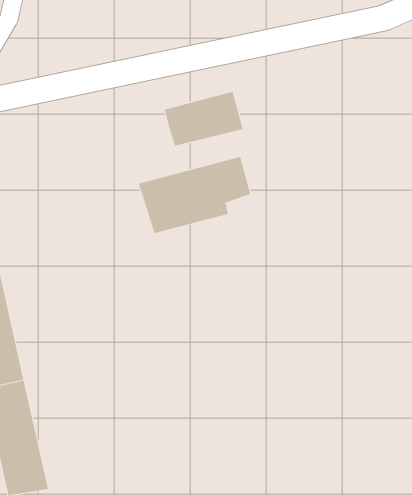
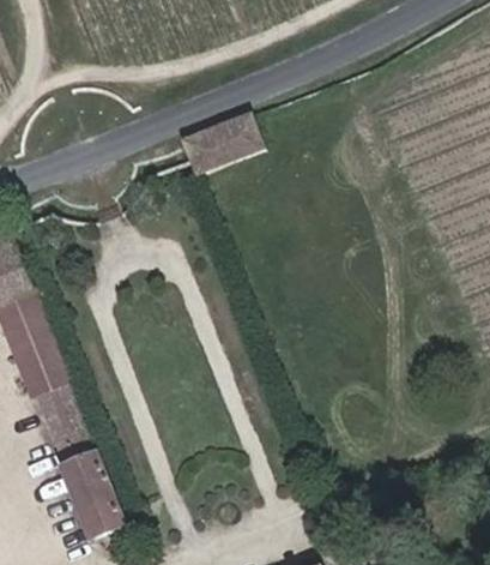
building: [138,156,251,234] -> none

